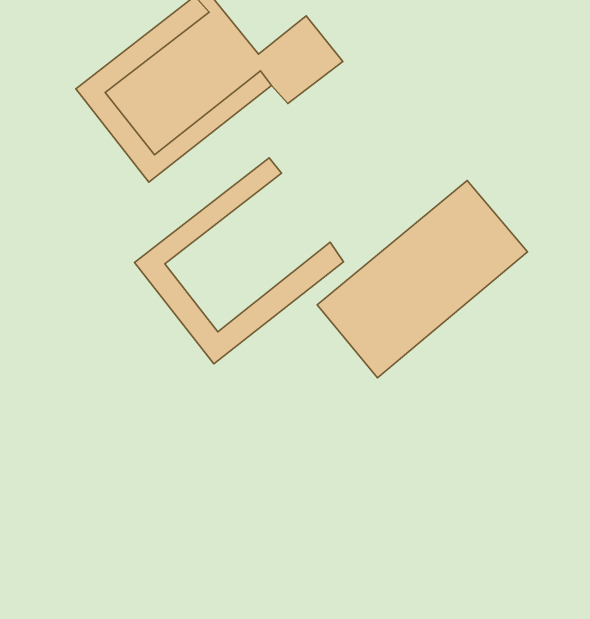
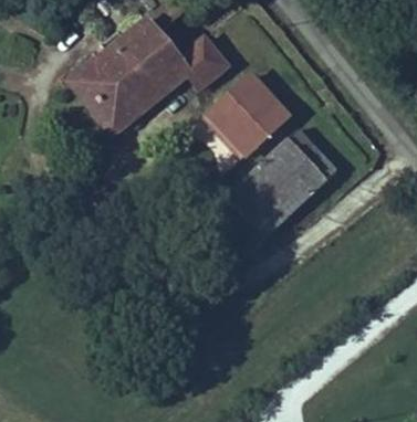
building: none -> [210,82,280,151]
building: [134,158,344,364] -> none

